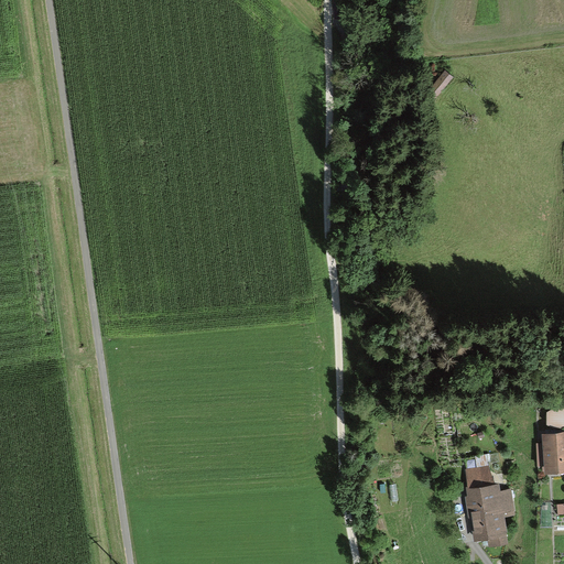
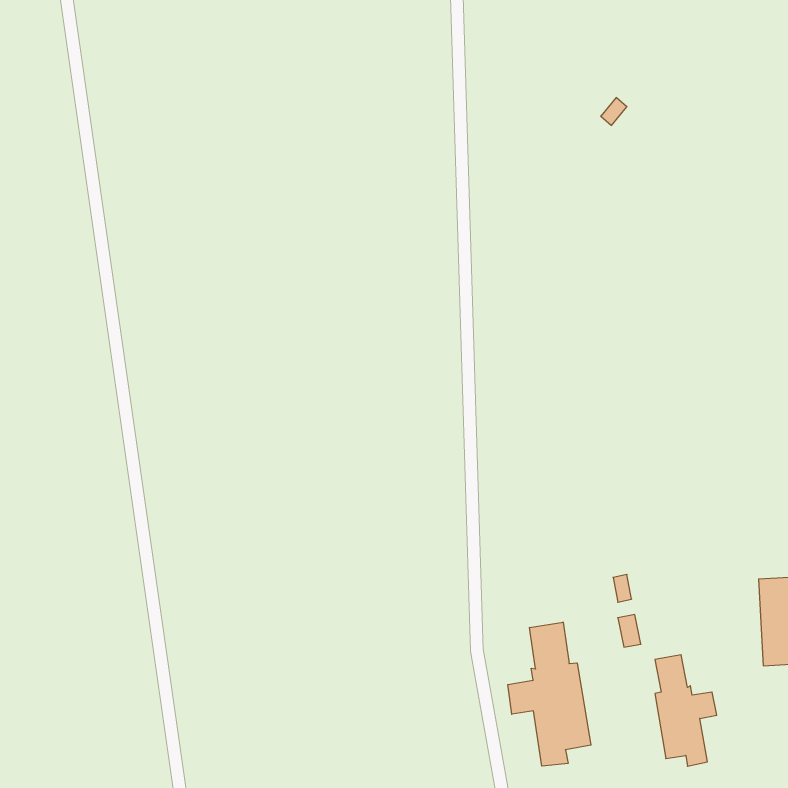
building: none -> [508,622,591,766]

